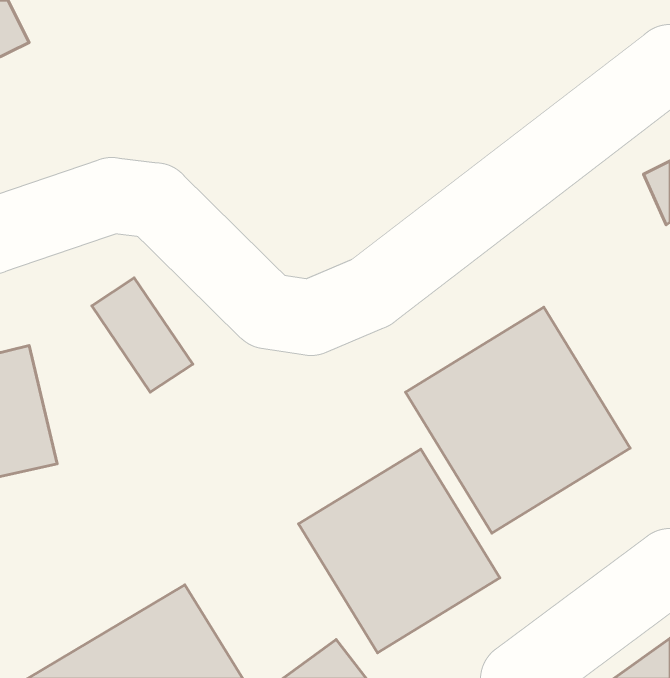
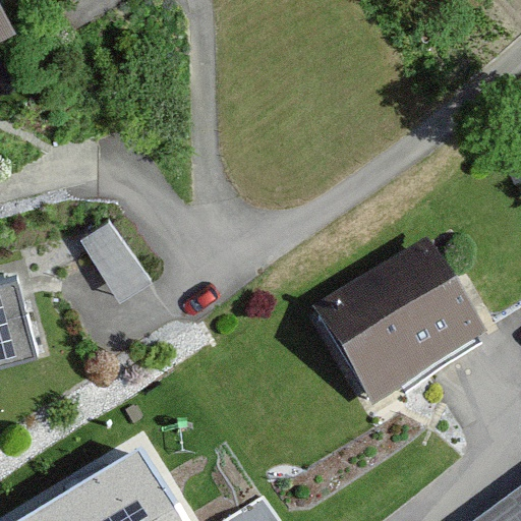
building: [298,449,500,653] -> none

